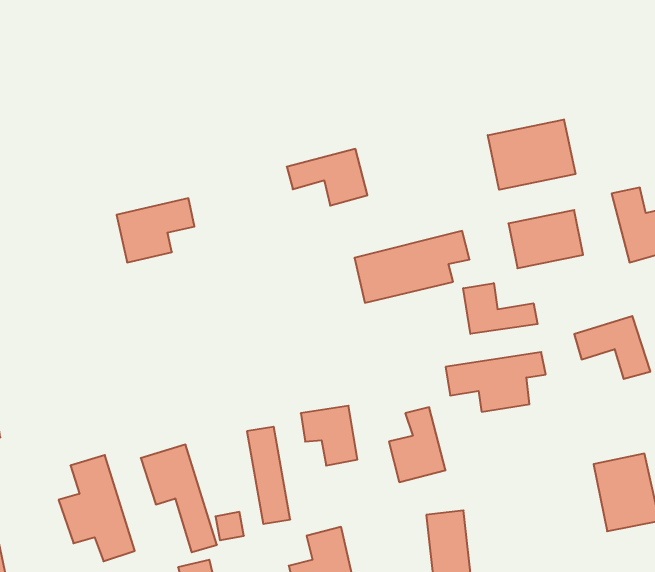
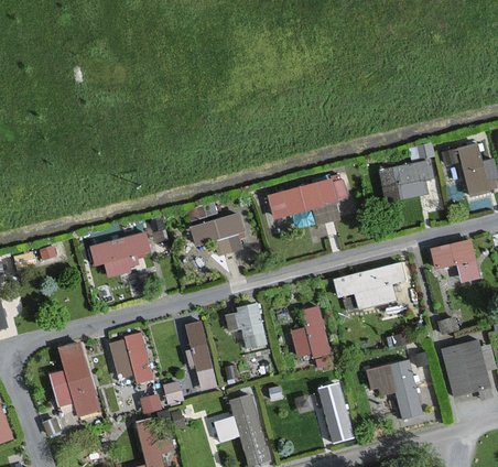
building: [488,119,575,190] -> none
building: [287,149,367,206] -> [187,213,247,254]
building: [117,198,194,262] -> [94,231,151,279]
building: [463,283,538,334] -> none
building: none -> [368,358,424,421]

